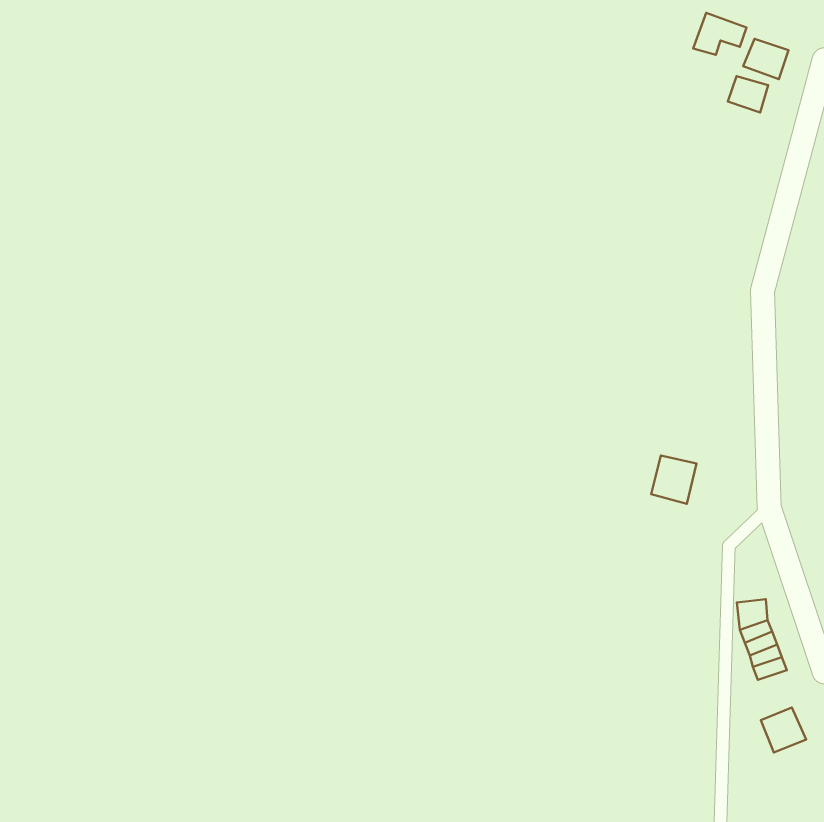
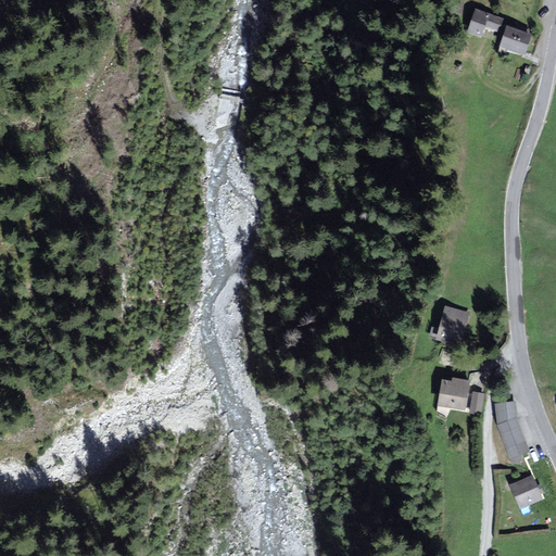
building: [728,76,768,112] -> none
building: none -> [438,378,469,409]

